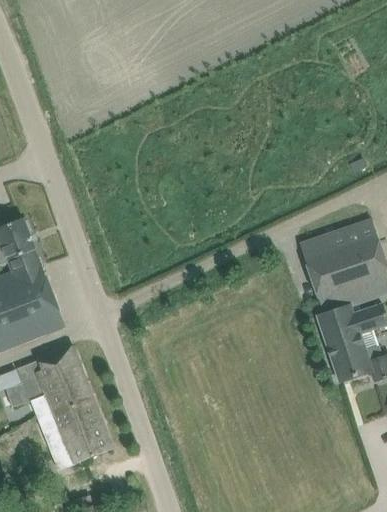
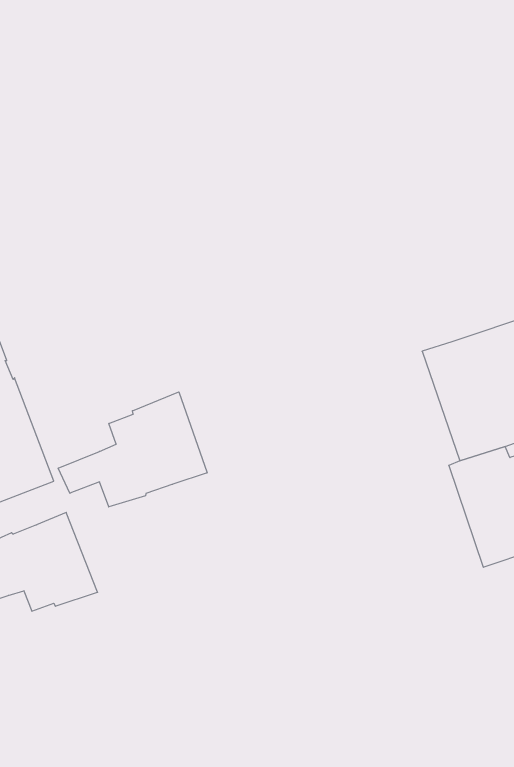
building: none -> [58,392,207,507]
building: [48,397,112,467] -> none

